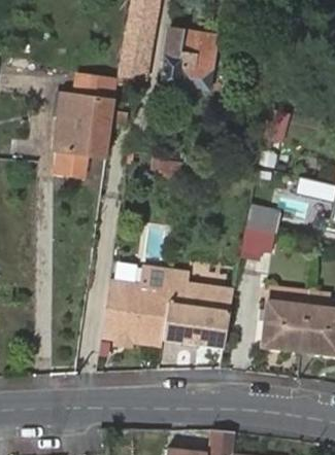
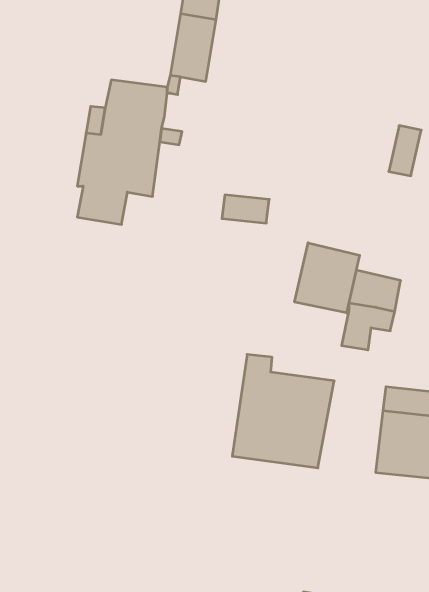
building: [161,30,217,89] -> none
building: none -> [295,243,360,313]
building: [103,275,170,344] -> none

